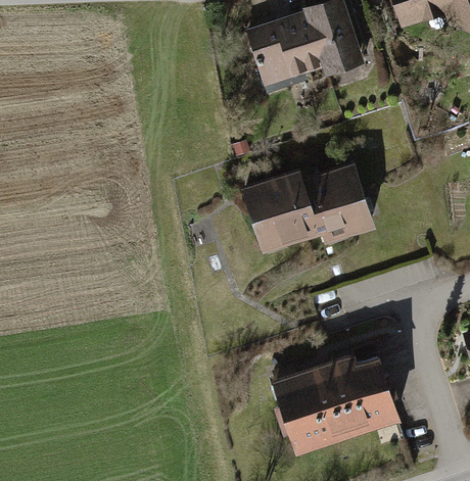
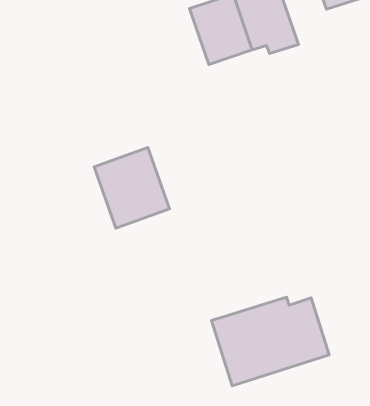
building: [240,162,380,250] -> none
building: none -> [94,148,169,228]

